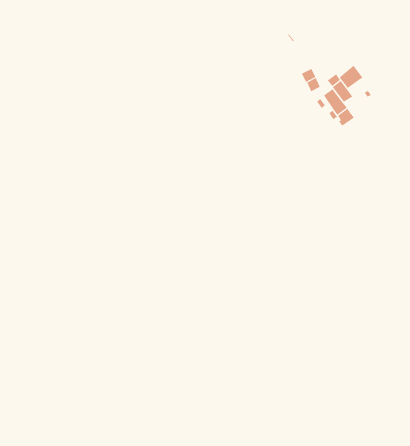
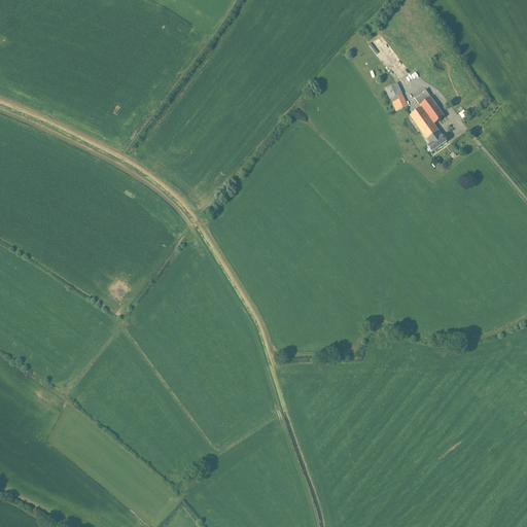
building: [339,65,363,89] -> none

